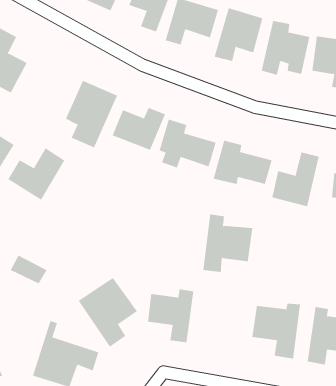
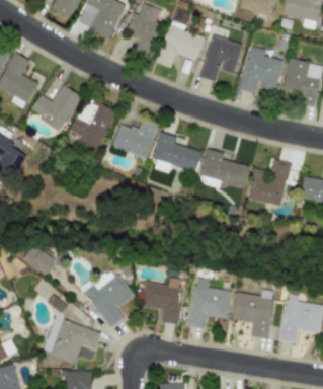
building: [8,148,65,200] -> [30,84,80,130]
building: [203,214,253,272] -> [188,278,232,328]

